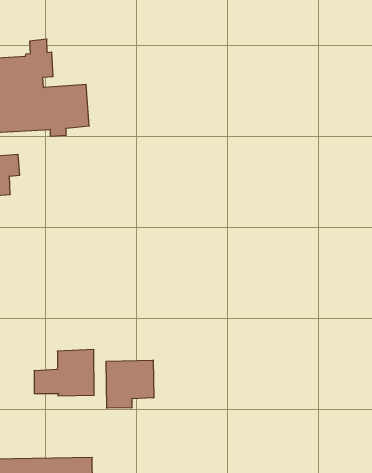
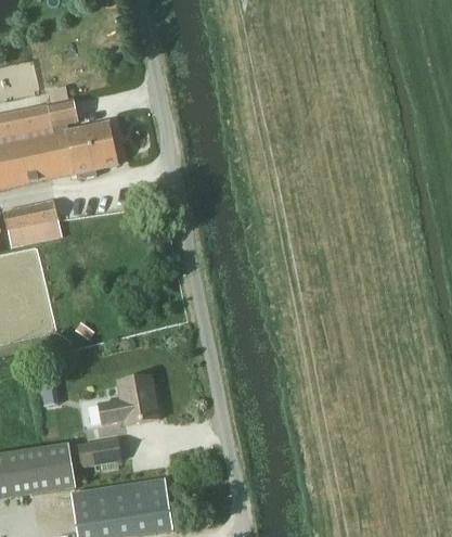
building: [106,360,154,408] -> none
building: none -> [79,438,119,469]

